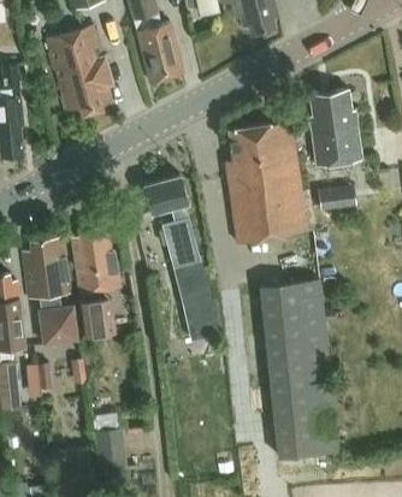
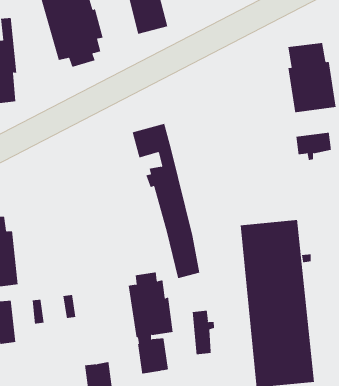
building: [225,122,307,244] -> none
building: [72,226,120,335] -> [128,272,173,374]
building: [23,238,72,341] -> none
building: none -> [192,310,214,355]

